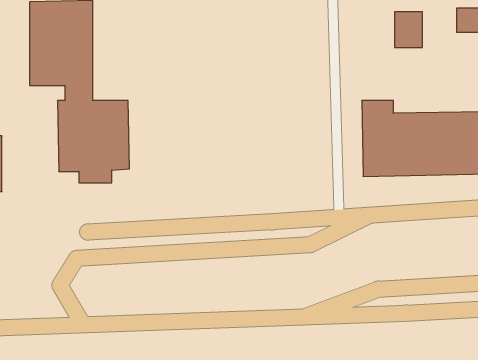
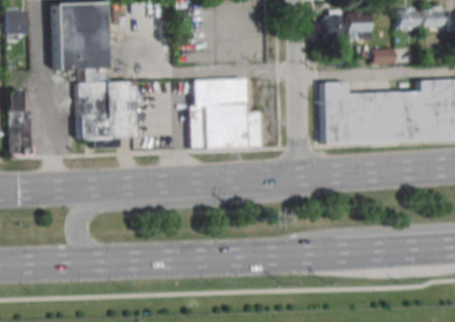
building: none -> [323,12,343,41]
building: none -> [373,51,397,66]
building: none -> [191,81,261,150]

